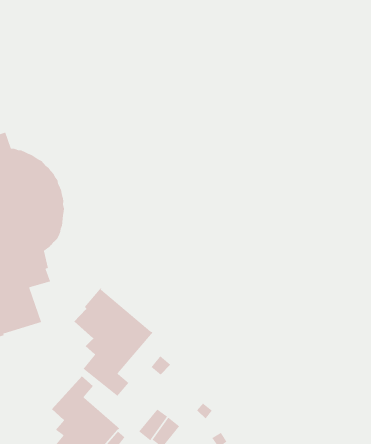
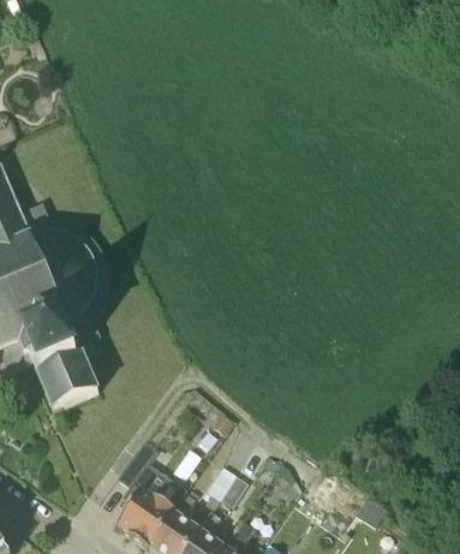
building: [74,287,154,397] -> none

